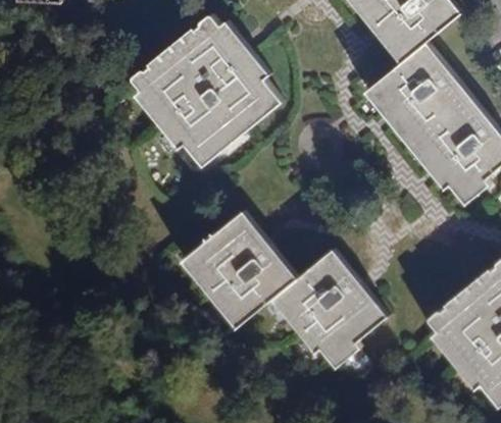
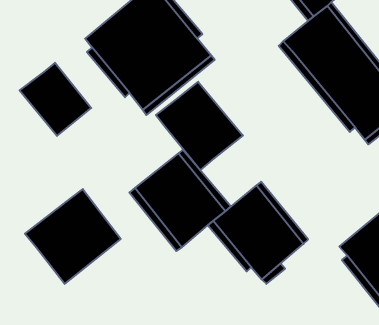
building: none -> [20,63,91,136]
building: none -> [156,82,243,170]
building: none -> [25,189,121,284]

